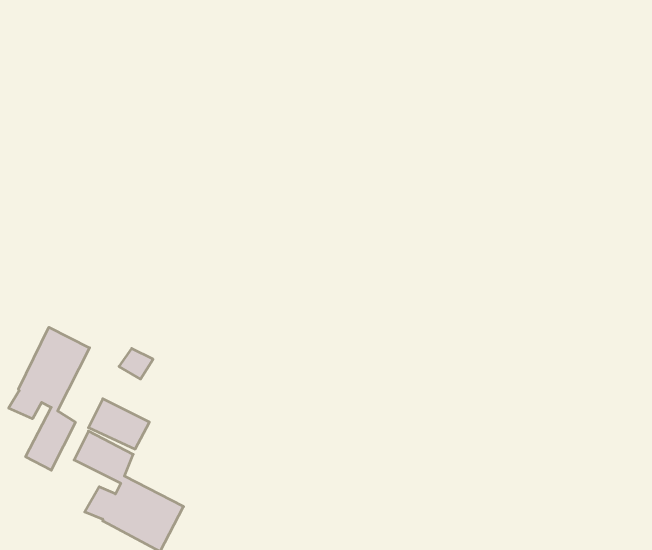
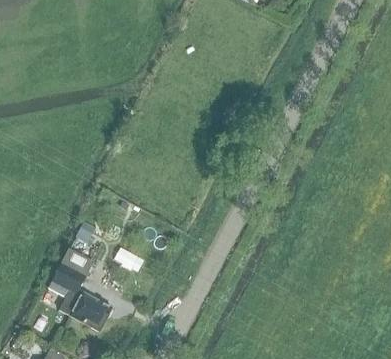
building: [9,327,90,470] -> none

